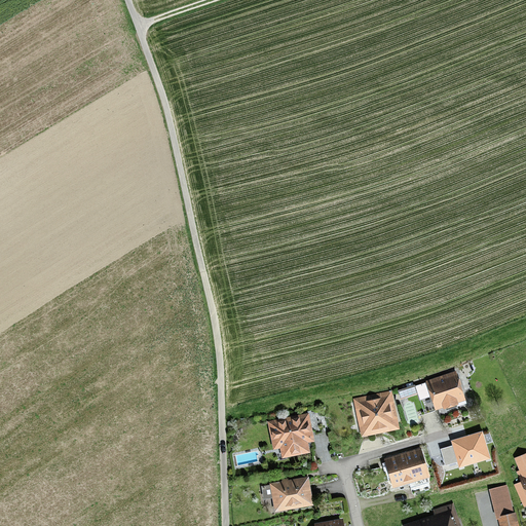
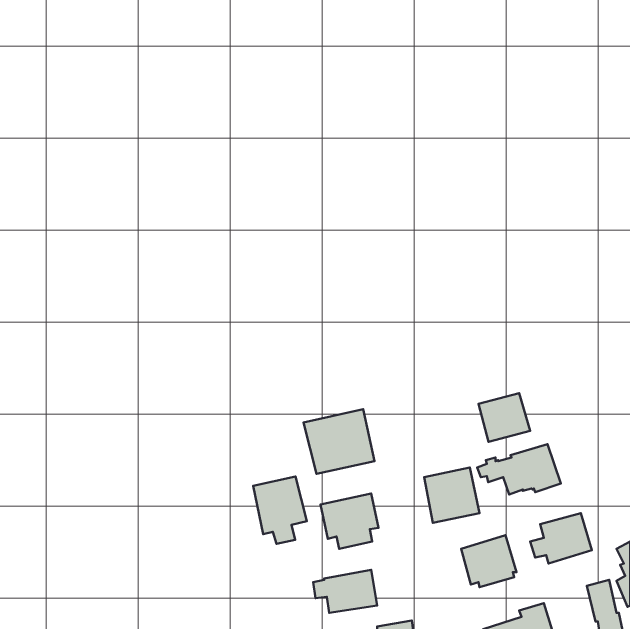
building: none -> [478,393,530,442]
building: none -> [304,409,374,474]
building: none -> [253,476,307,544]

